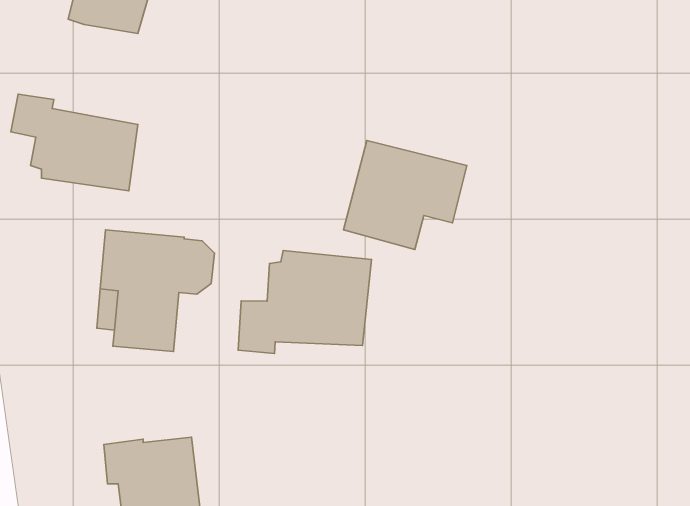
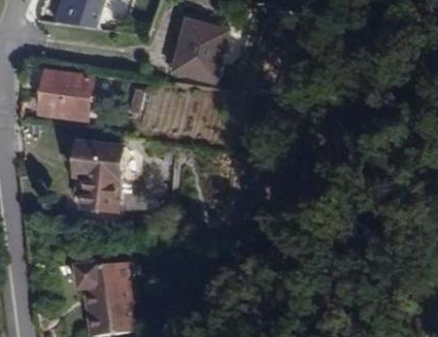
building: [344,141,467,250] -> [172,20,243,82]
building: [238,251,371,354] -> none

